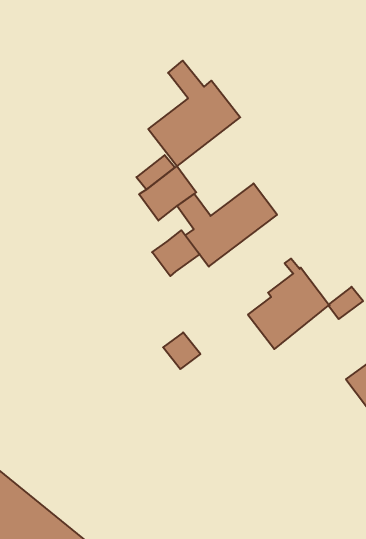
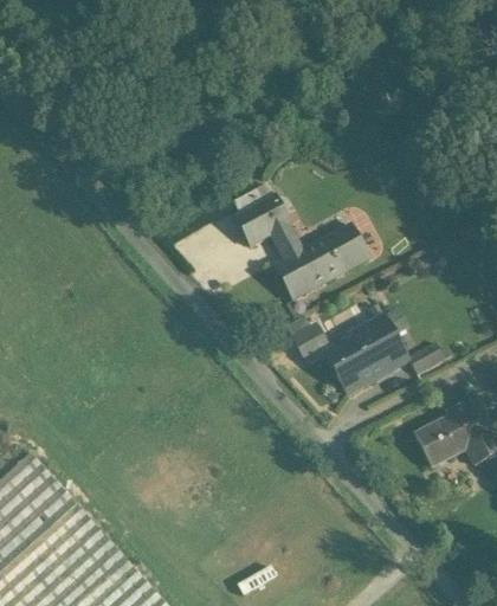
building: [148,61,240,166] -> none
building: [152,230,200,276] -> none
building: [163,332,200,369] -> [293,325,330,362]

